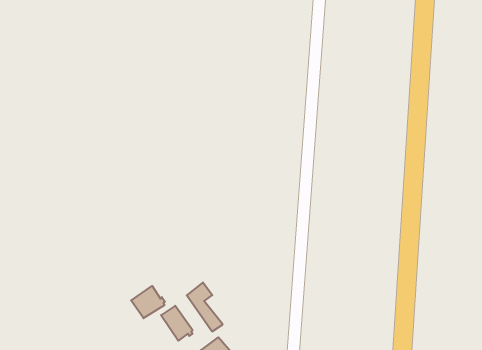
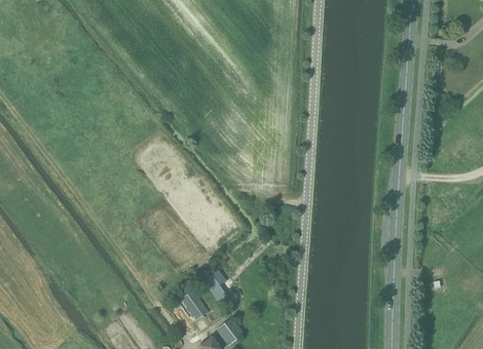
building: [131,286,165,318] -> none

